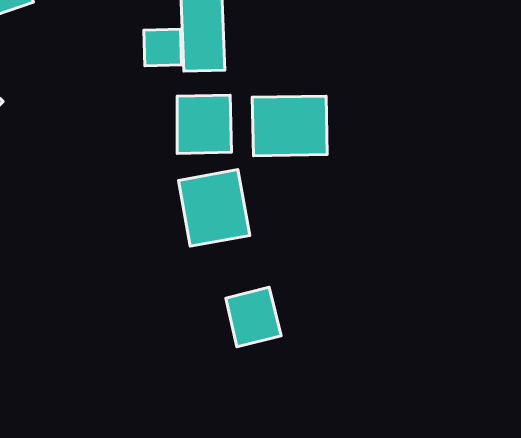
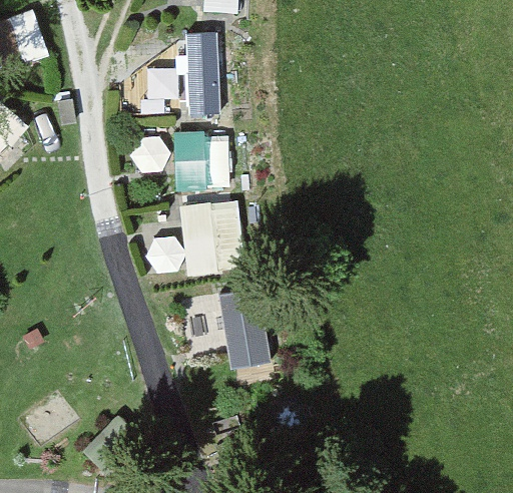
building: [252,96,327,156] -> none

